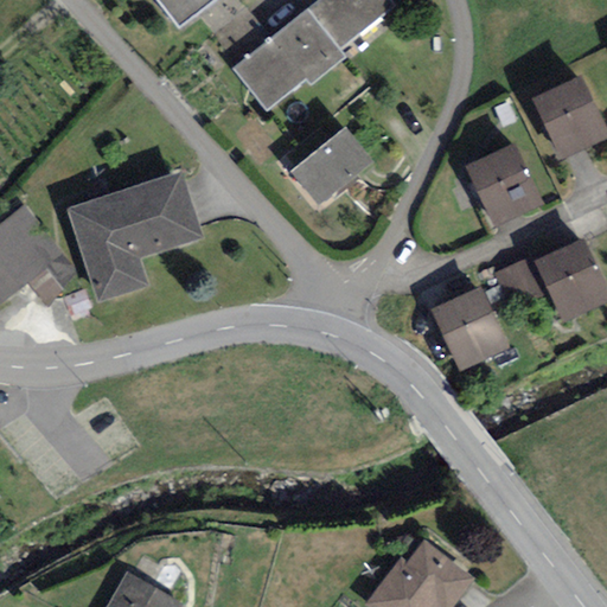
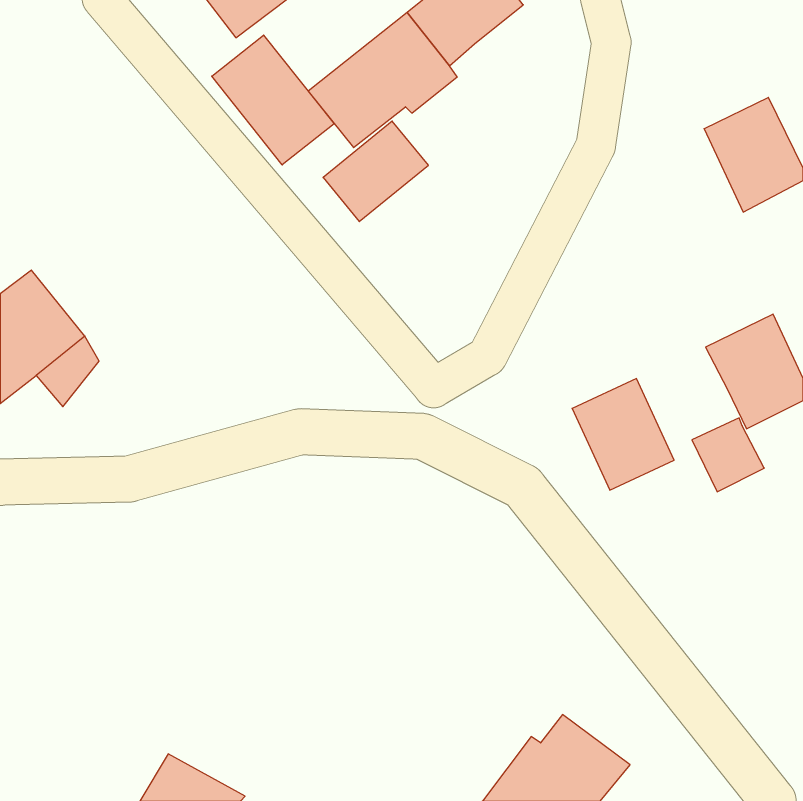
building: none -> [212,35,334,165]
building: [292,129,371,205] -> [323,121,428,222]
building: [465,142,544,229] -> none
building: [66,172,203,301] -> none
building: [494,256,549,312] -> [692,418,764,492]

